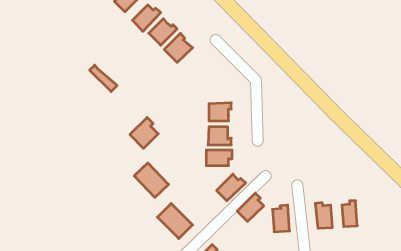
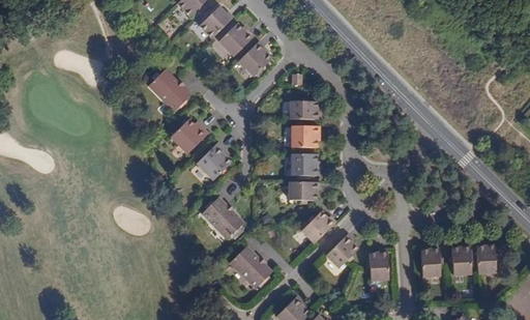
building: none -> [154,69,190,105]
building: none -> [290,101,320,120]
building: none -> [170,120,208,154]
building: none -> [475,241,496,272]

